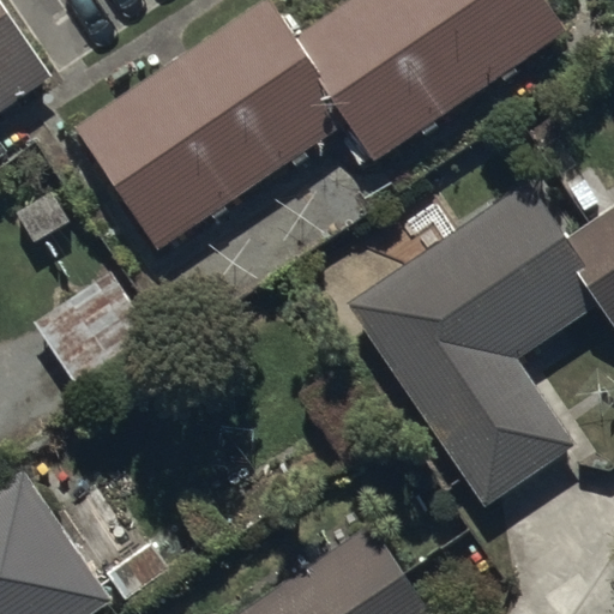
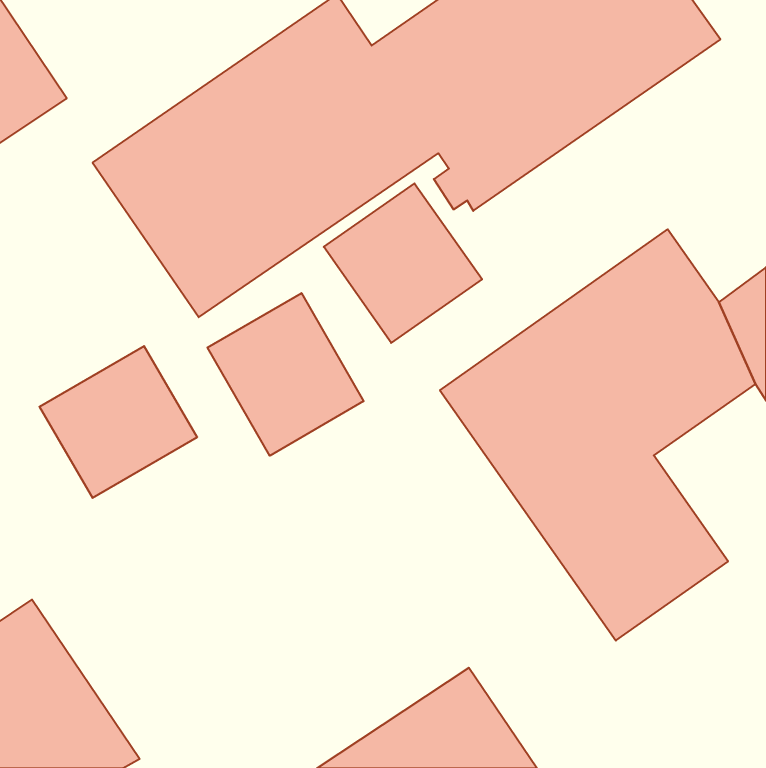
building: none -> [324,183,482,343]
building: none -> [207,293,364,456]

